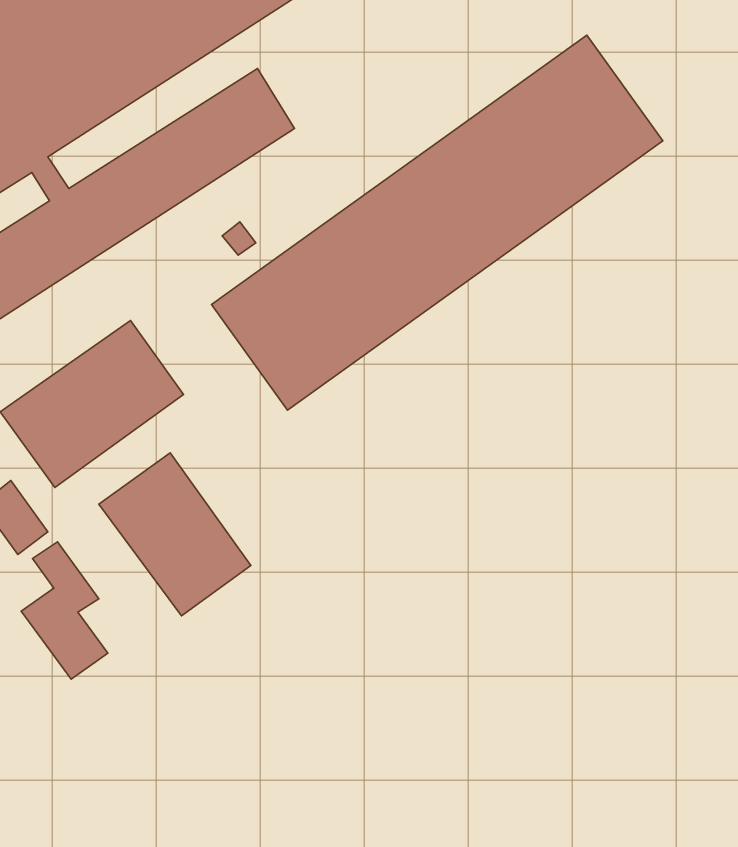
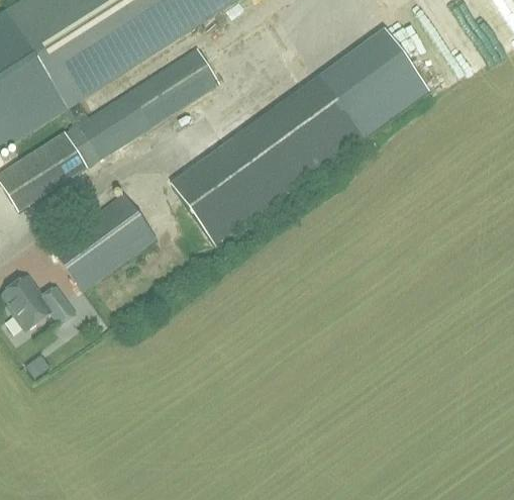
building: [99,453,251,616] -> none
building: [21,542,108,679] -> none

